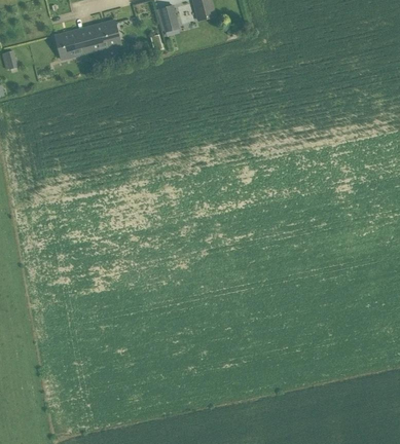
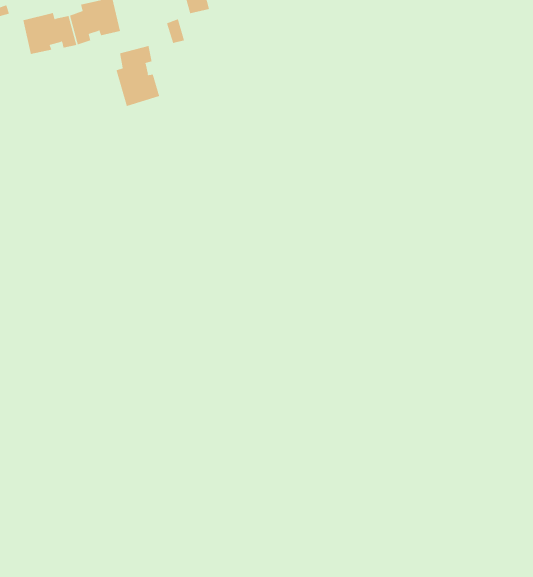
building: none -> [116,45,160,107]

